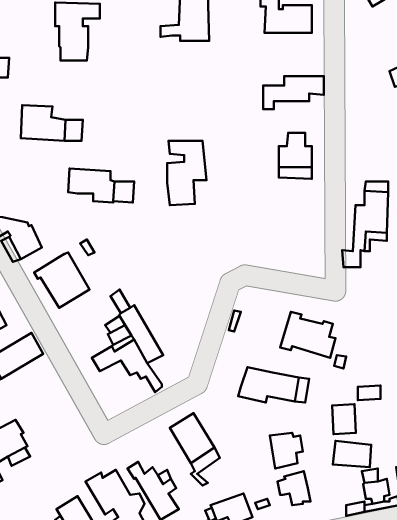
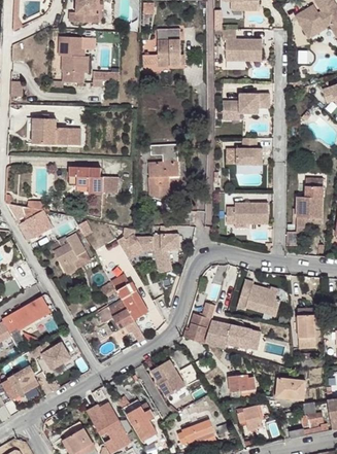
building: none -> [225,204,267,225]
building: none -> [117,228,179,274]
building: none -> [182,306,215,345]
building: none -> [30,341,70,369]
building: [332,404,356,434] -> [297,314,315,338]

